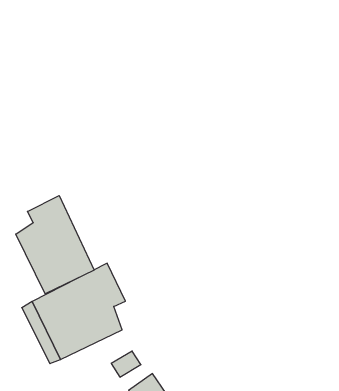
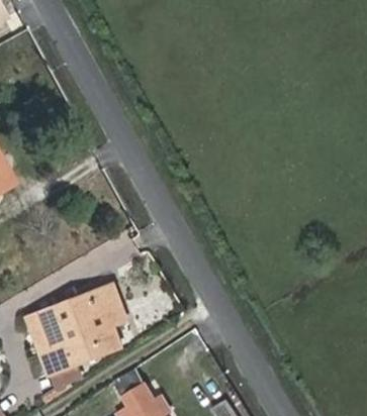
building: [16,196,94,294] -> none

